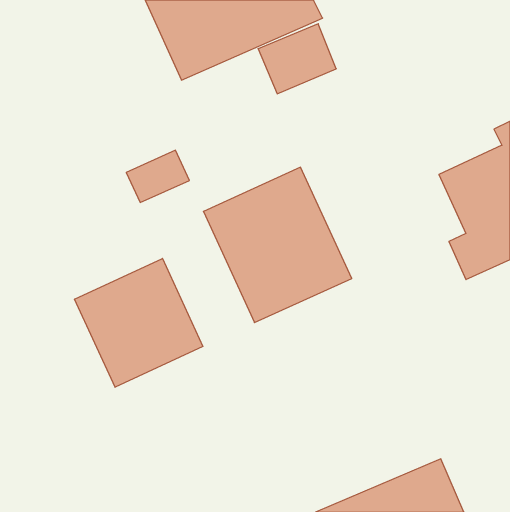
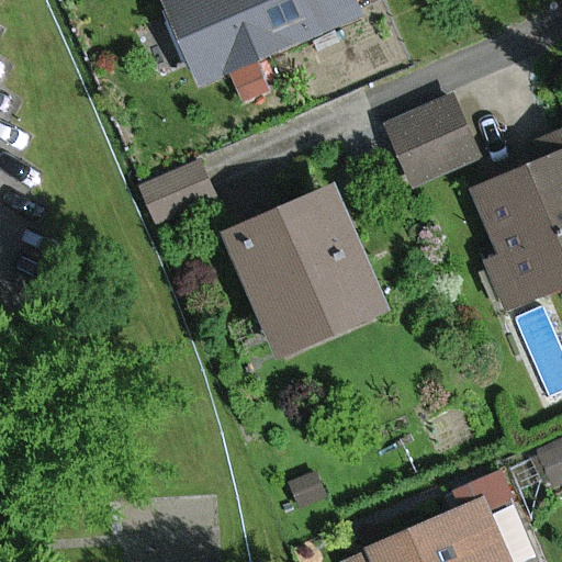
building: [258,24,336,94] -> [386,100,472,177]
building: [75,258,203,387] -> none

